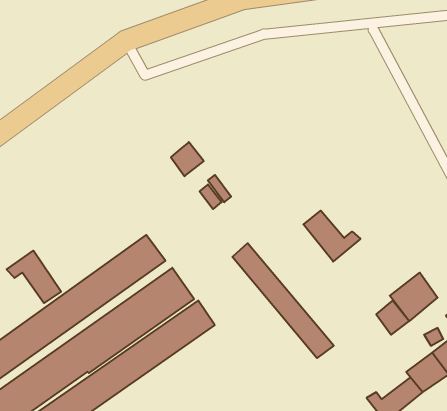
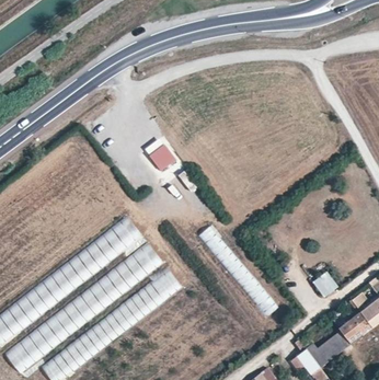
building: [303,211,360,262] -> none
building: [7,251,61,303] -> none
building: [390,273,438,321] -> none

